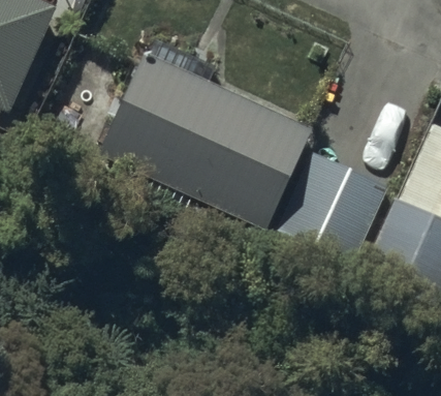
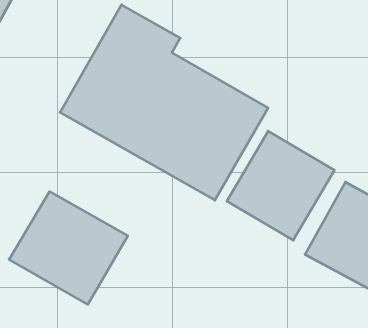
building: none -> [9,192,128,304]

